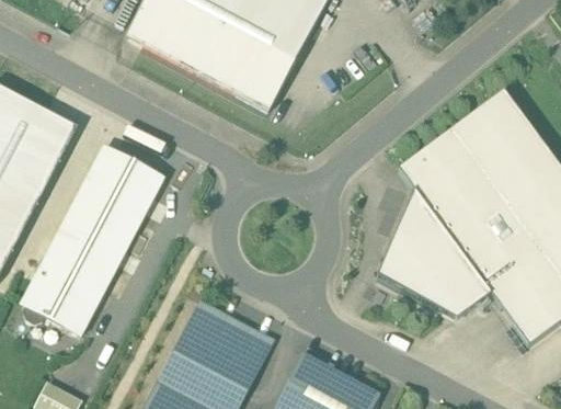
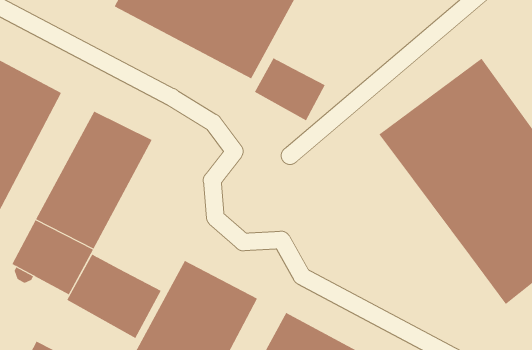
building: none -> [254,57,325,121]
building: [377,190,491,319] -> none
building: none -> [66,254,161,339]

